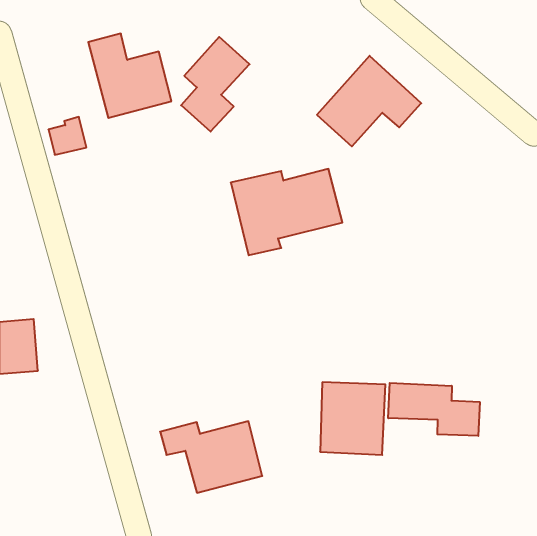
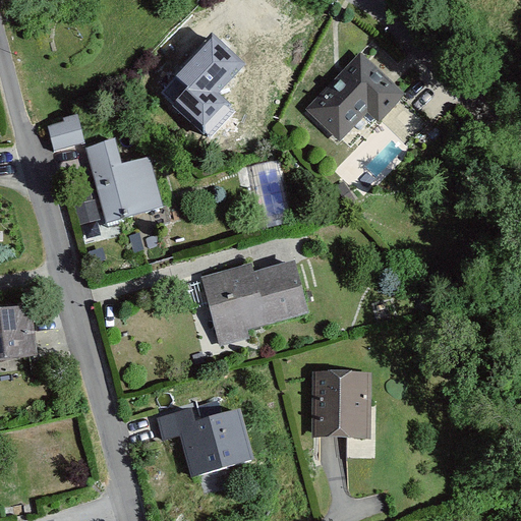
building: [88,34,171,118] -> [84,141,165,223]
building: [231,169,342,255] -> [201,260,309,344]
building: [388,383,480,436] -> none

